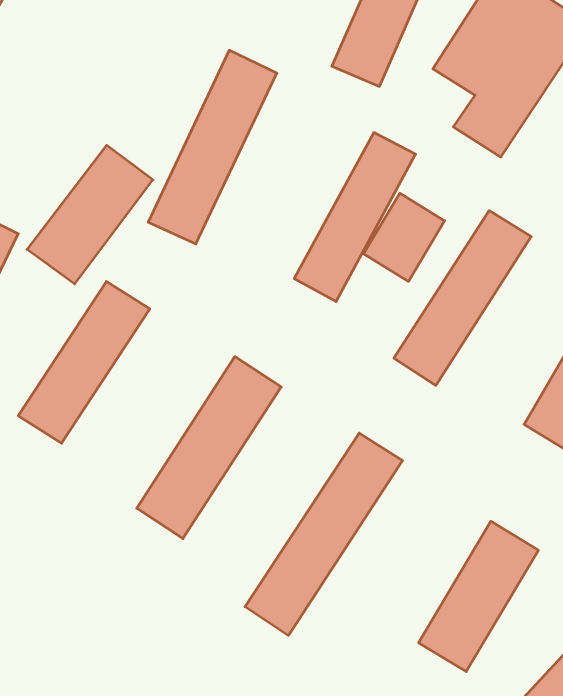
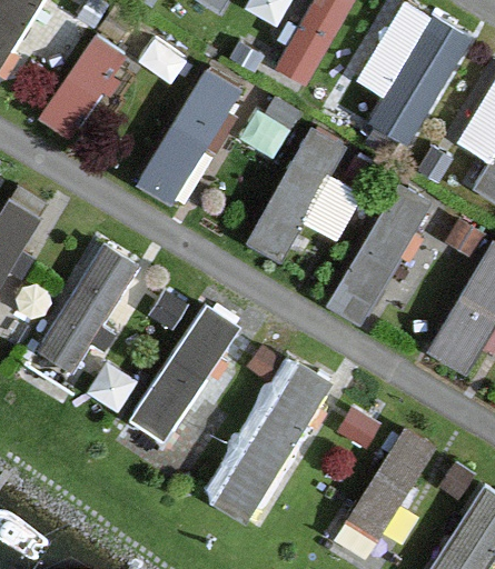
building: [27,145,153,284] -> [38,30,135,137]

